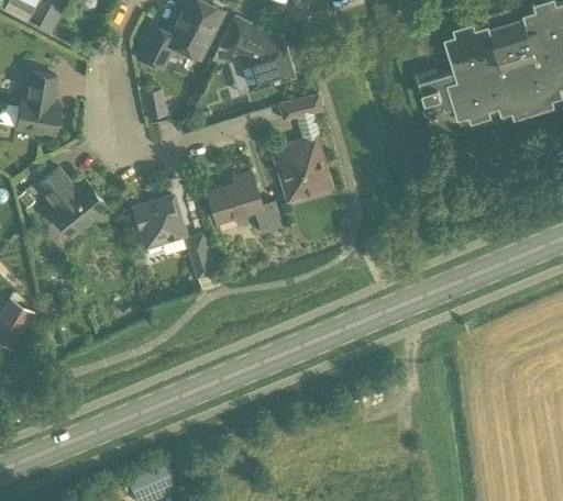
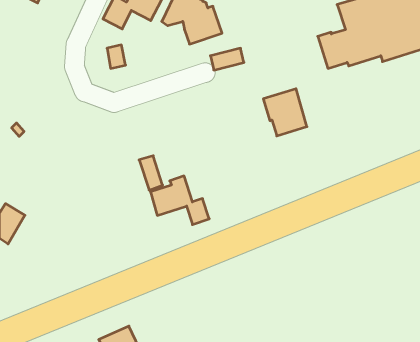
building: [16,73,59,134] -> none
building: [273,138,330,200] -> [263,89,307,136]
building: [37,169,104,235] -> none
building: [207,172,284,236] -> [150,176,209,225]
building: [132,197,185,249] -> none

